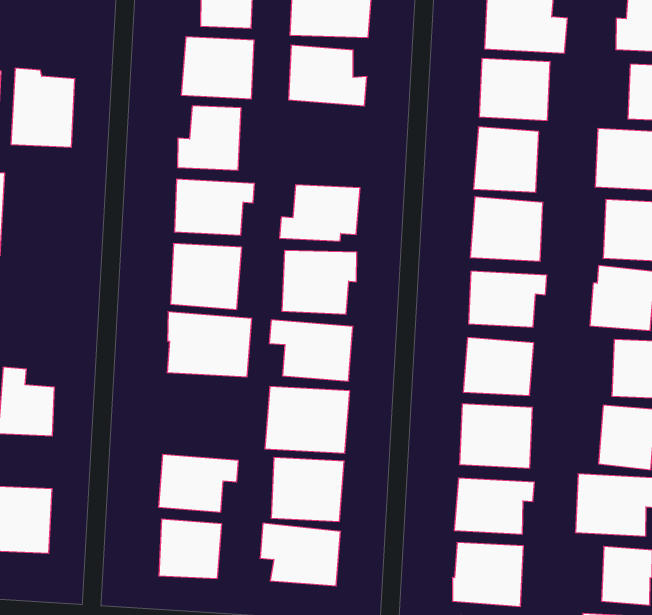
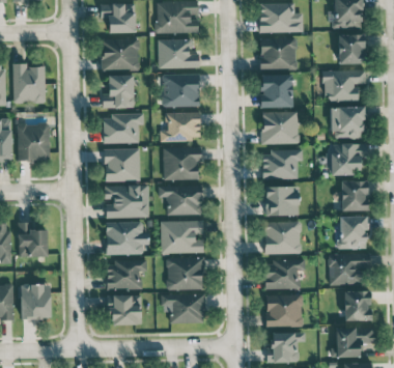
building: none -> [162,74,200,107]
building: none -> [17,124,50,161]
building: none -> [105,222,149,255]

